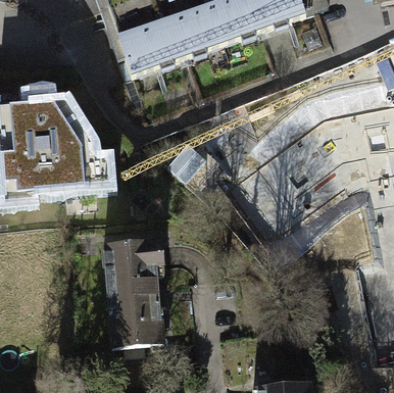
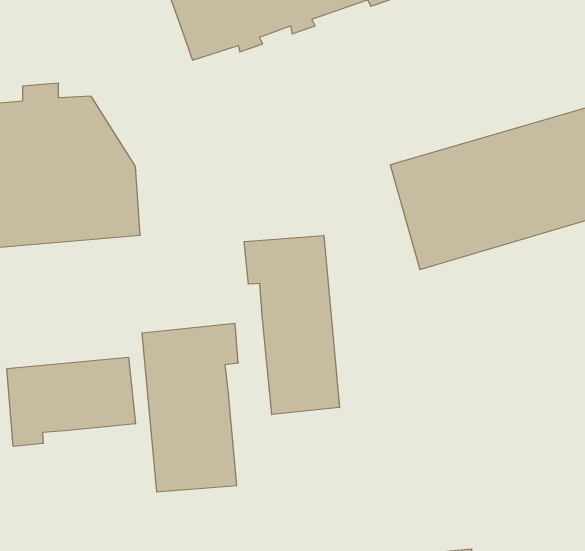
building: none -> [244,235,340,415]
building: none -> [7,357,135,446]

